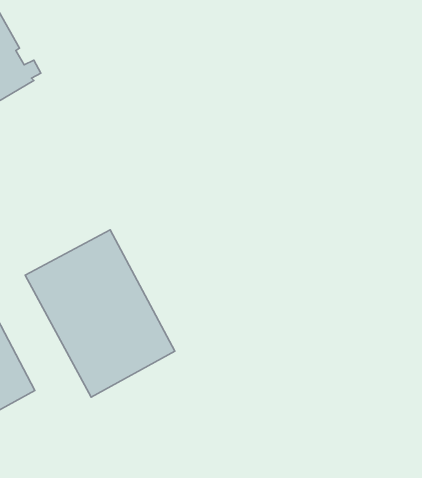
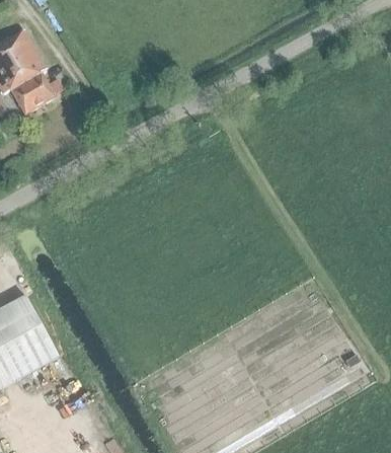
building: [25,230,175,397] -> none

